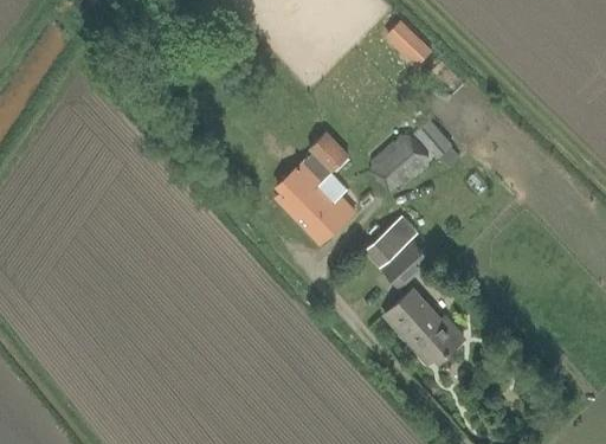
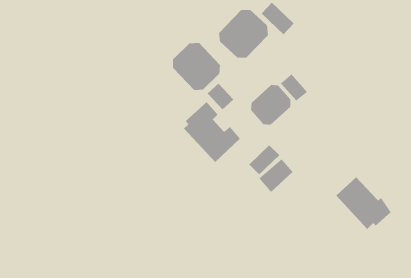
building: none -> [219,9,269,59]
building: none -> [173,42,221,91]
building: [385,288,464,363] -> [335,176,391,230]

